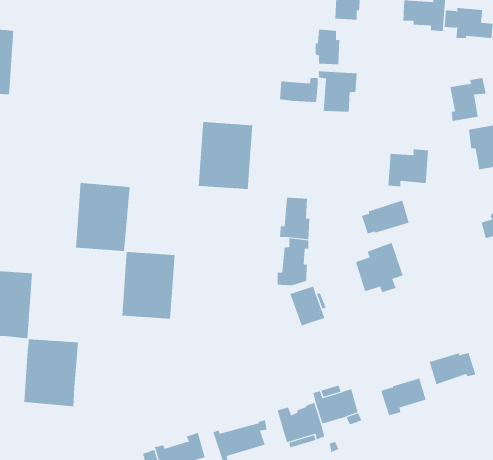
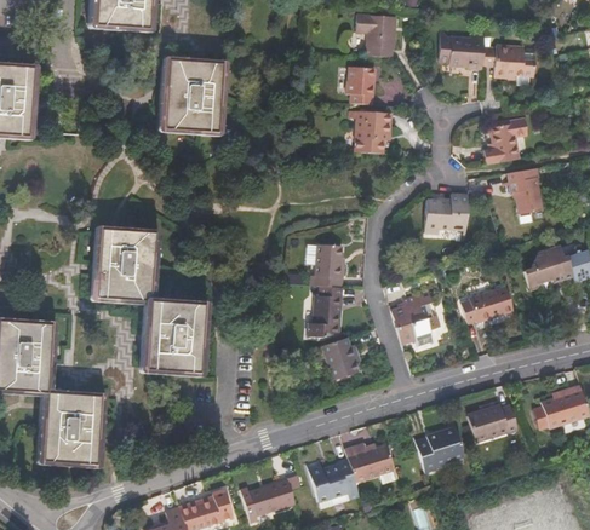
building: [280,77,318,103] -> none
building: [198,122,253,189] -> [161,59,219,131]
building: [361,200,410,234] -> [459,286,510,322]

